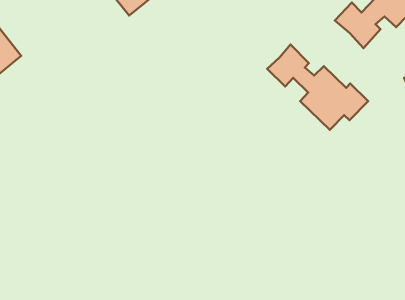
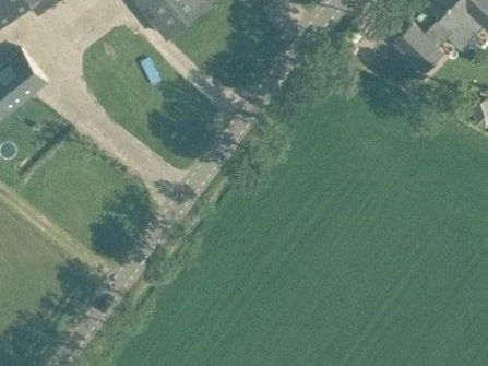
building: [267,45,368,130] -> none

